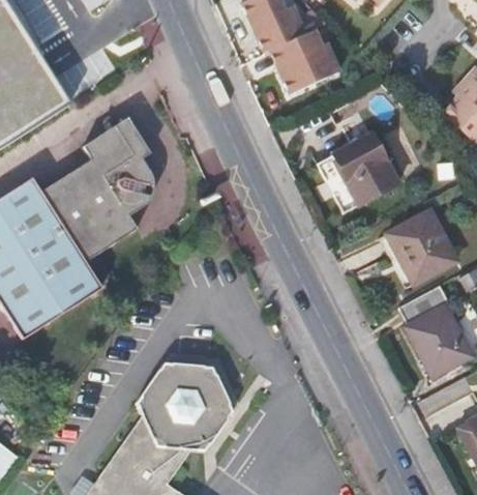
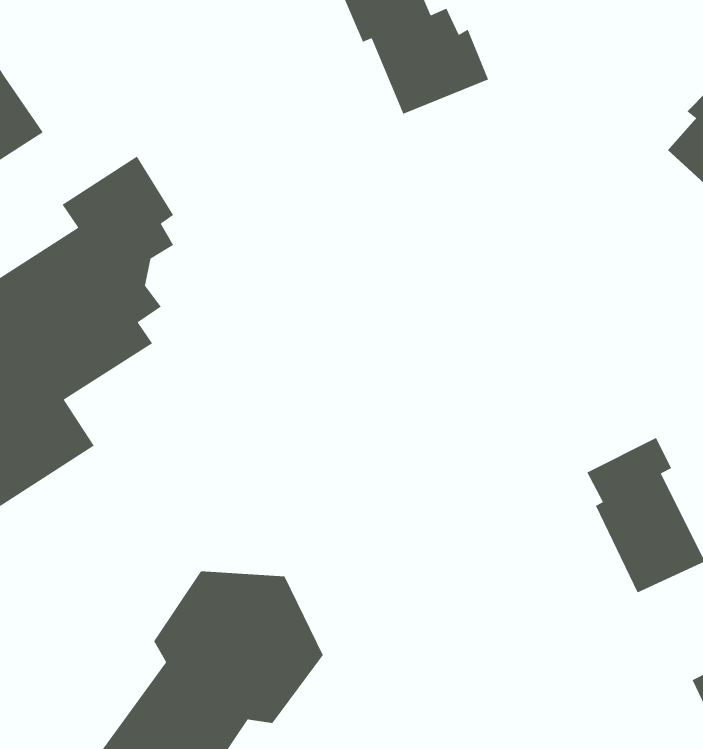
building: [315,132,394,208] -> none
building: [383,208,453,280] -> none

